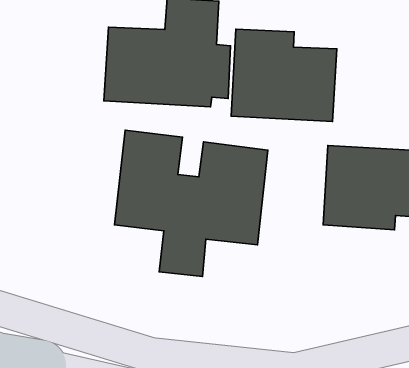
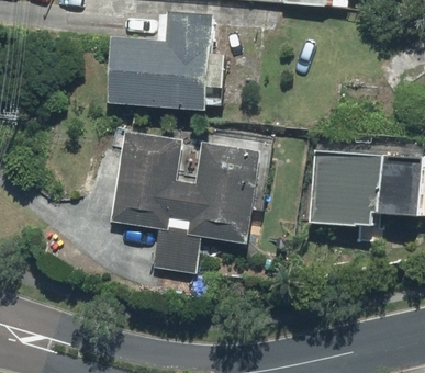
building: [231,29,337,122] -> none

